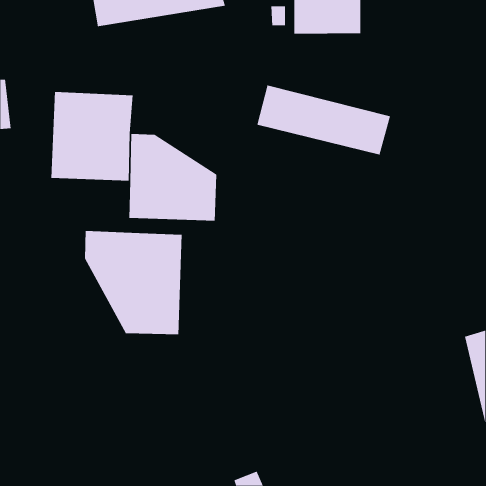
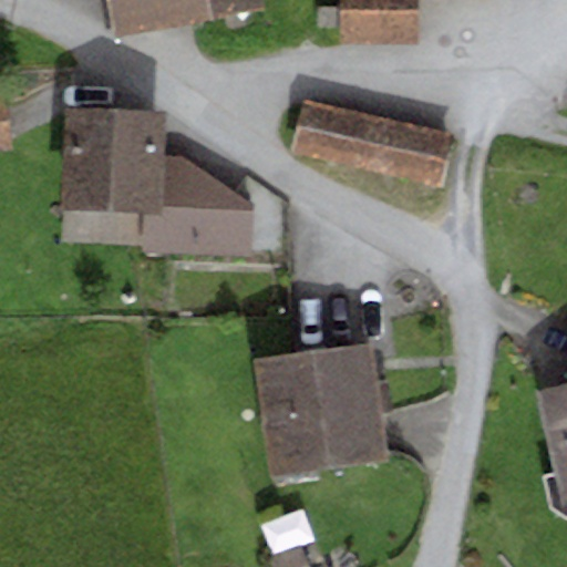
building: [84,230,182,335] -> none
building: none -> [255,343,392,475]

